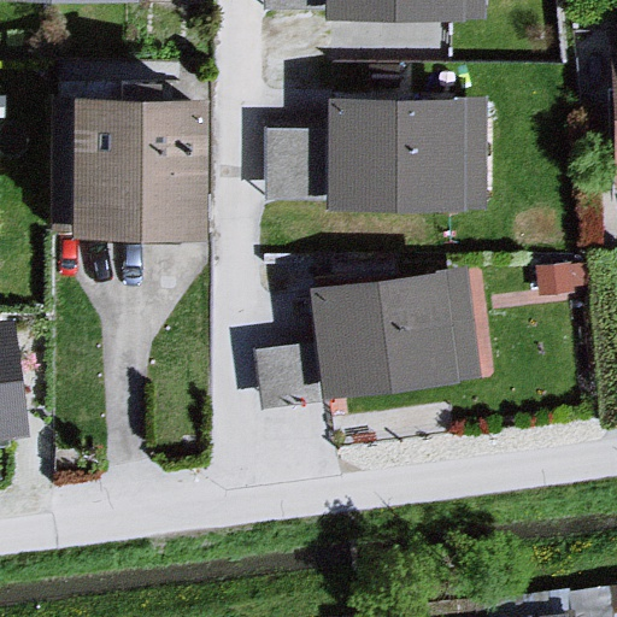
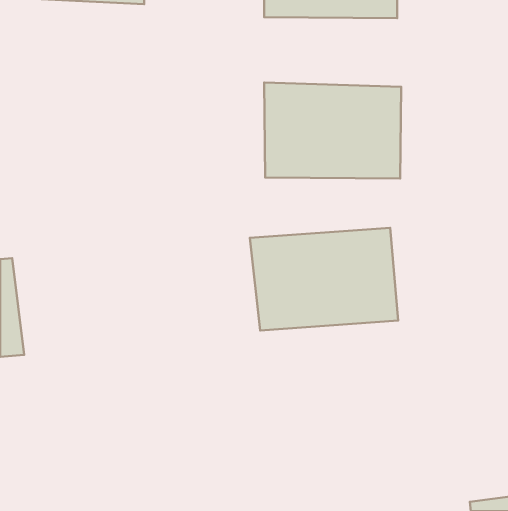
building: [58,92,193,234] -> none

